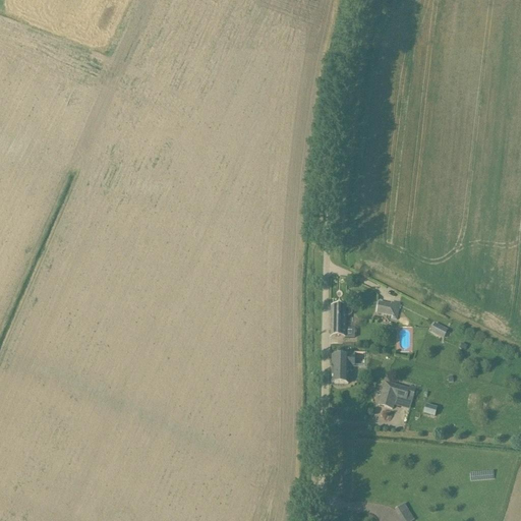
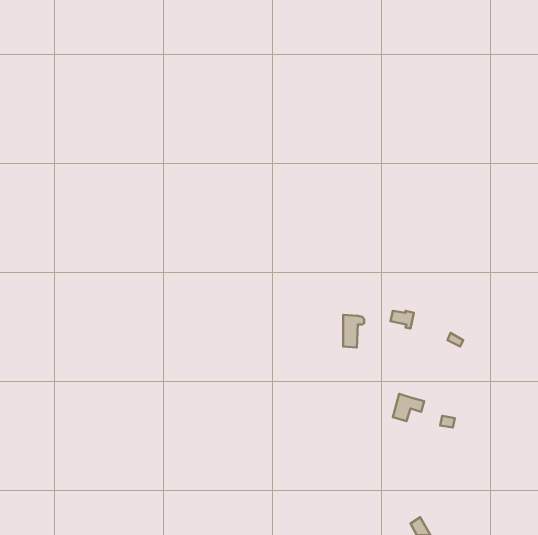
building: [332,354,355,382] -> none

